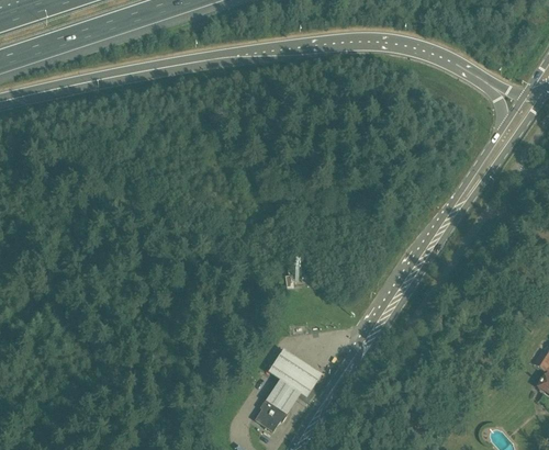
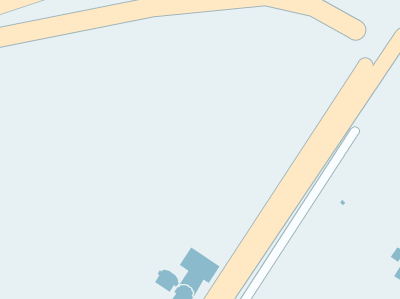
building: none -> [154,269,180,293]

